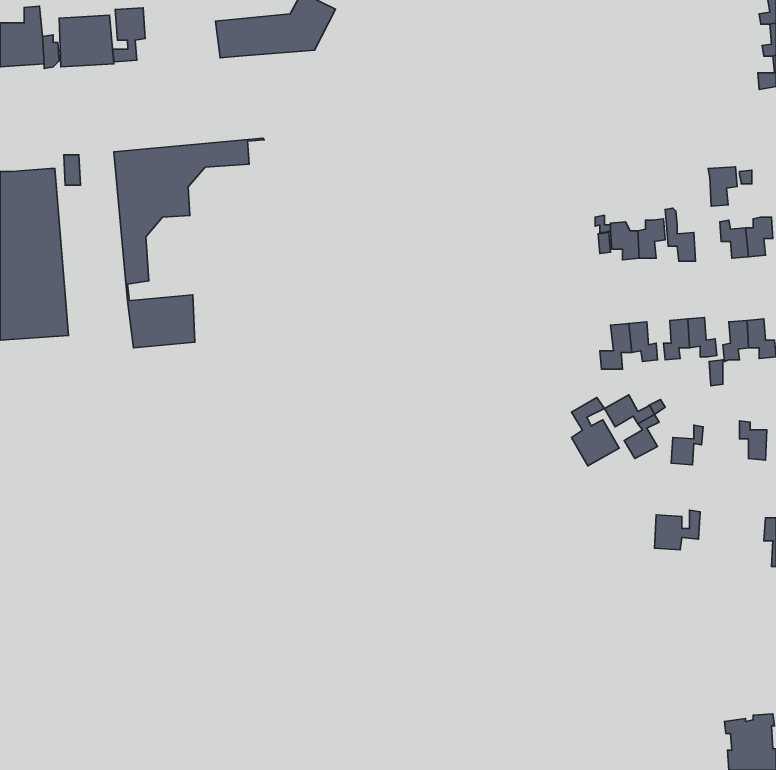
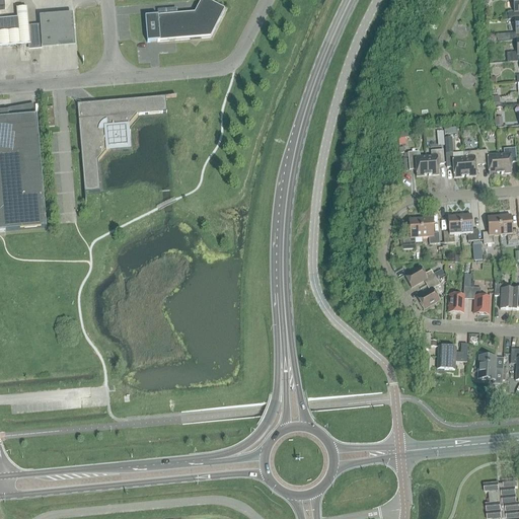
building: [113,8,145,62] -> none
building: [708,167,737,206] -> [462,148,481,174]
building: [128,295,195,348] -> none
building: [571,397,619,466] -> none
building: none -> [468,285,489,312]
building: none -> [477,354,502,381]

